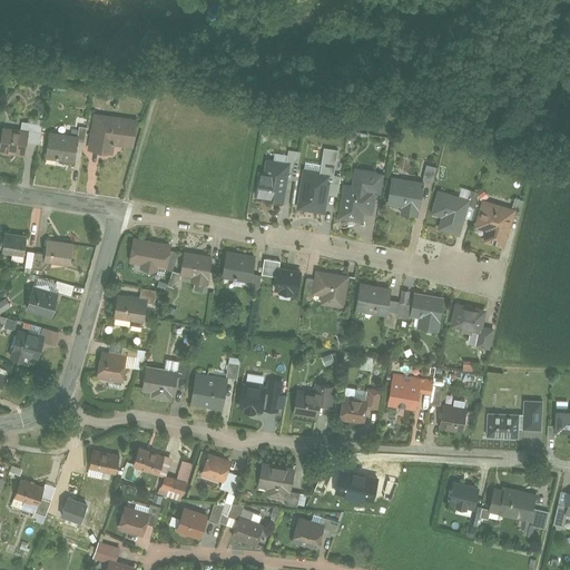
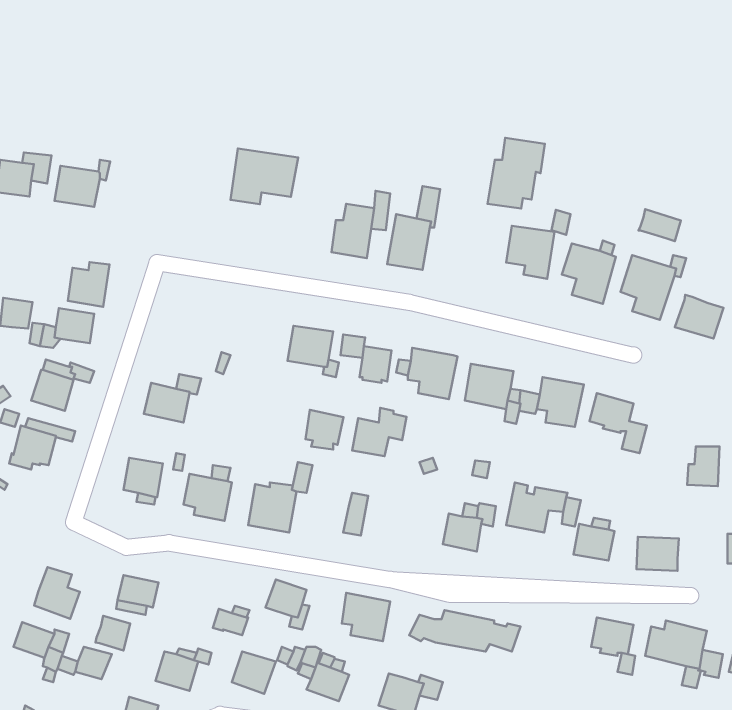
building: [87,112,138,155] -> [231,149,298,204]
building: none -> [638,209,681,241]
building: [337,169,381,223] -> [488,138,545,208]
building: none -> [68,262,109,307]
building: none -> [675,295,723,339]
building: [127,240,169,275] -> none
building: [179,254,212,288] -> none
building: [293,382,334,419] -> [352,408,407,456]
building: [238,384,267,414] -> [305,410,344,449]
building: [517,402,541,432] -> [687,447,719,486]
building: none -> [34,567,80,619]
building: [136,441,167,468] -> none
building: none -> [95,616,130,650]

